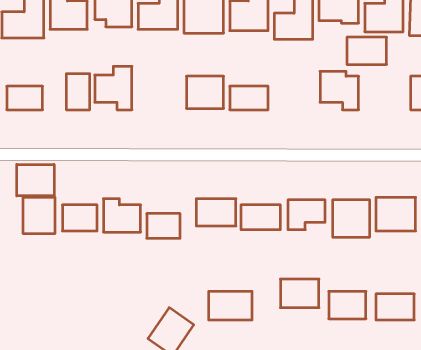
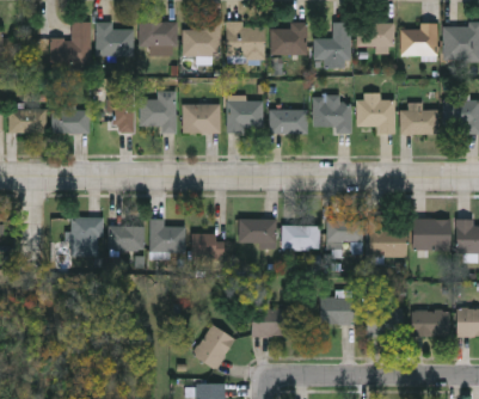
building: [347,37,387,64] -> [400,108,438,134]
building: none -> [183,103,221,133]
building: none -> [315,104,351,133]
building: [17,164,54,196] -> none

